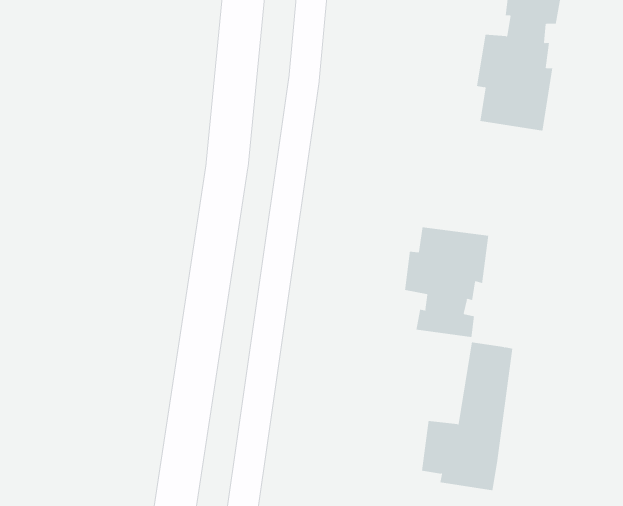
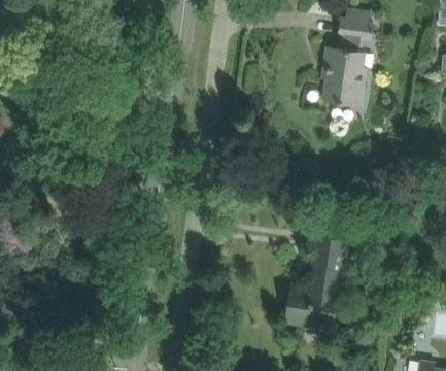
building: [404,226,489,338] -> none

